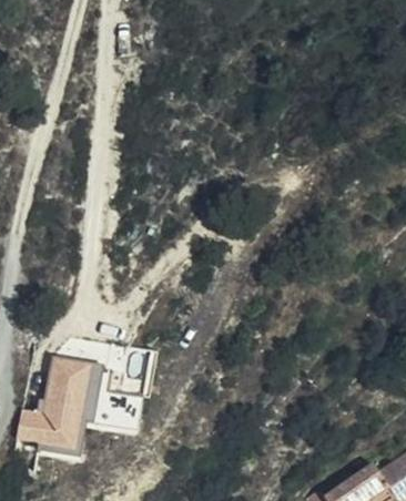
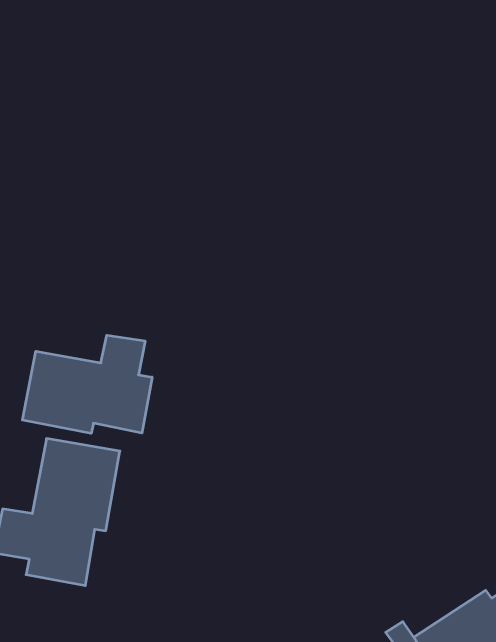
building: none -> [22,335,152,433]

